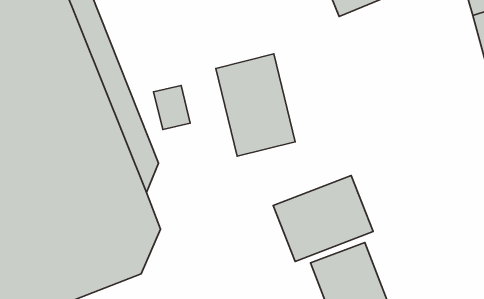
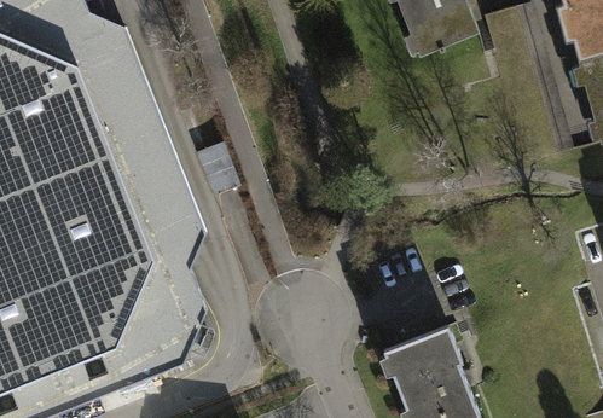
building: [216,54,295,156] -> none
building: [273,176,373,261] -> none

